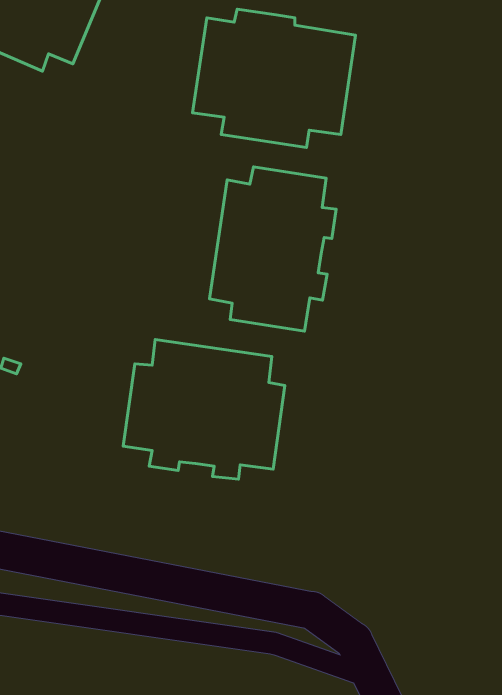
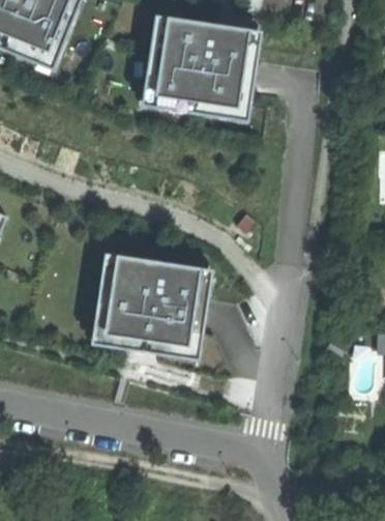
building: [209,167,336,331] -> none

